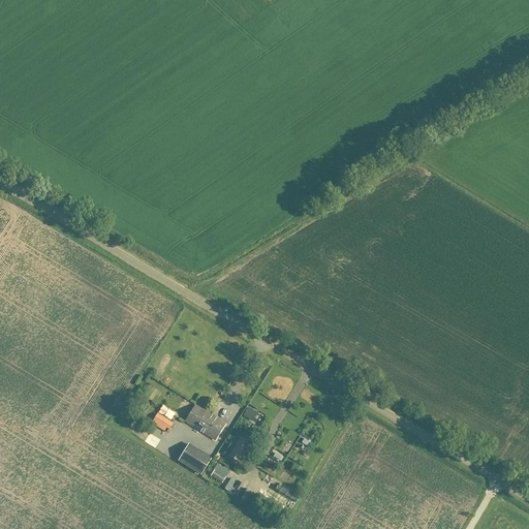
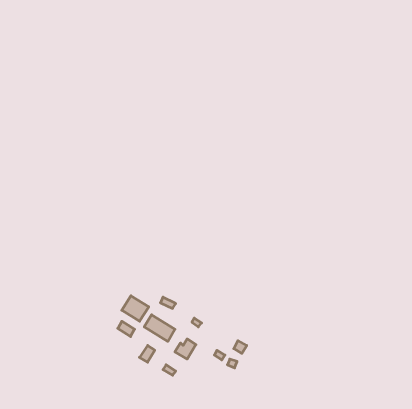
building: none -> [122,296,149,321]

